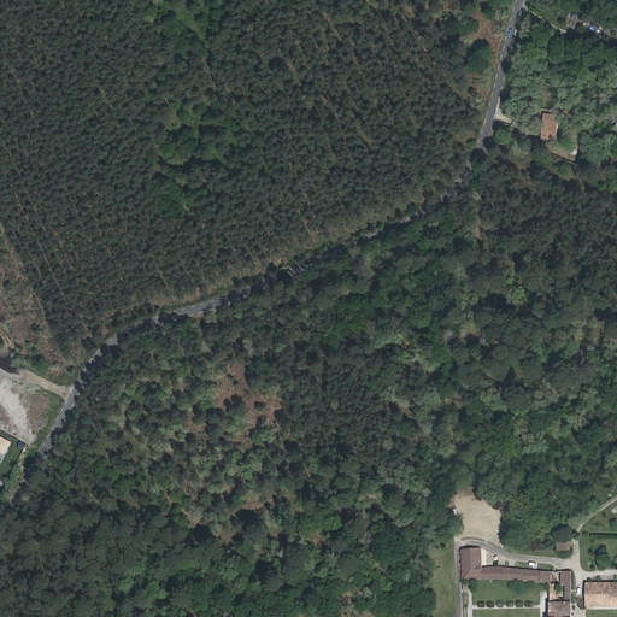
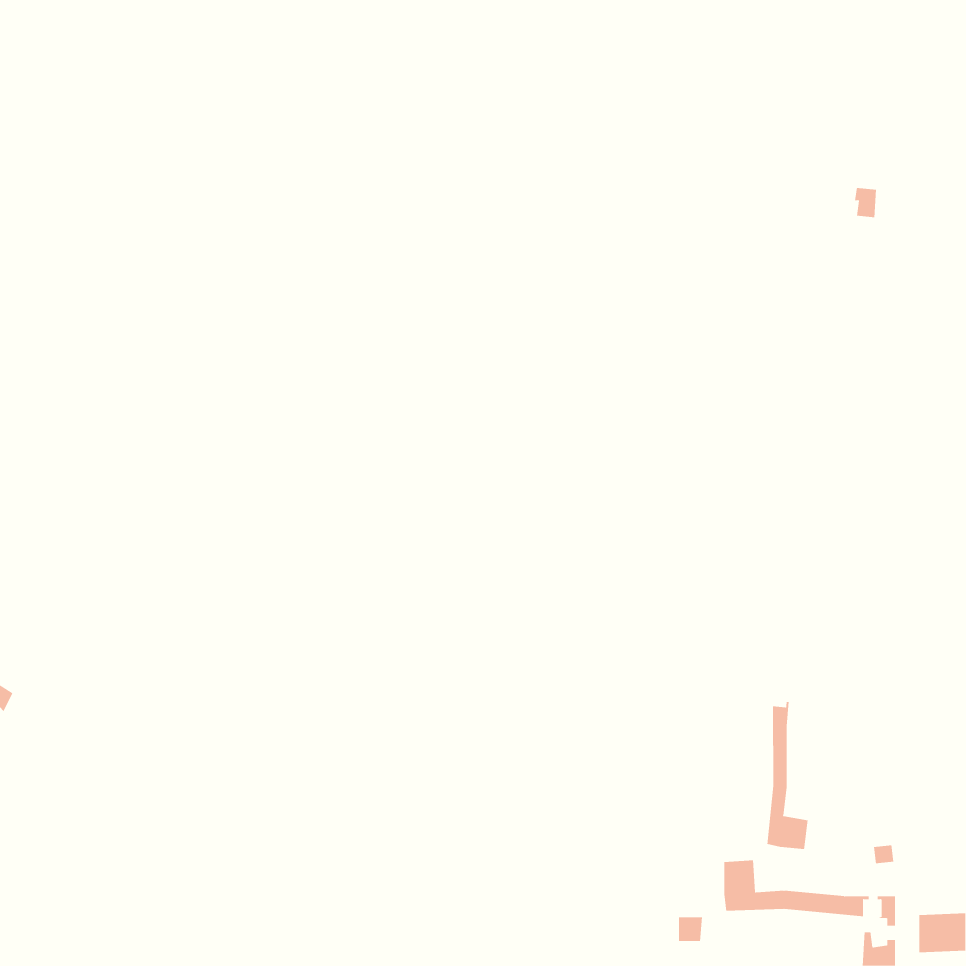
building: none -> [767,701,808,850]

